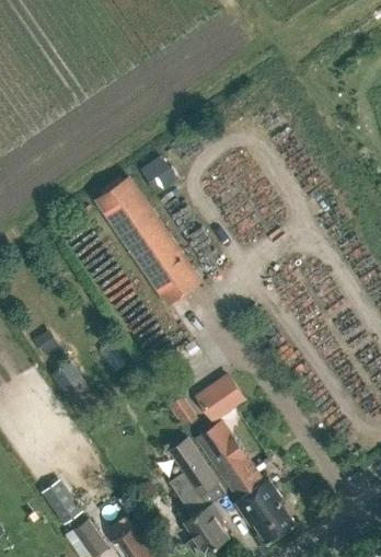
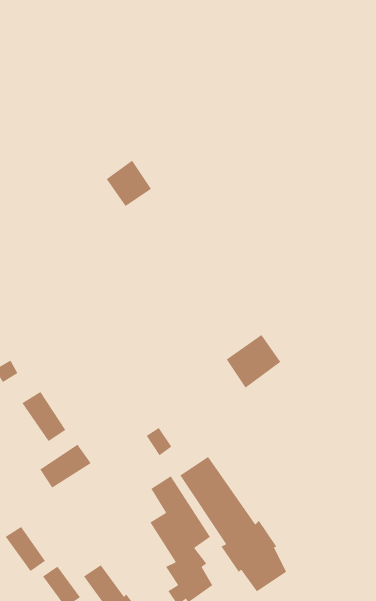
building: [96,178,200,306] -> none
building: [196,371,246,420] -> [226,334,281,388]
building: none -> [39,444,92,489]

